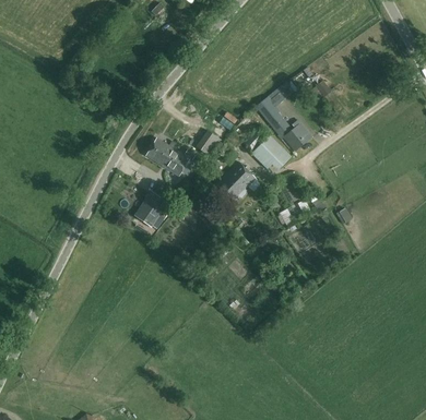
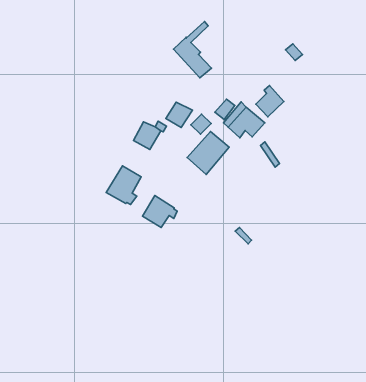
building: [256,82,292,136] -> [173,21,212,78]
building: [146,139,175,167] -> none
building: none -> [143,196,177,228]

